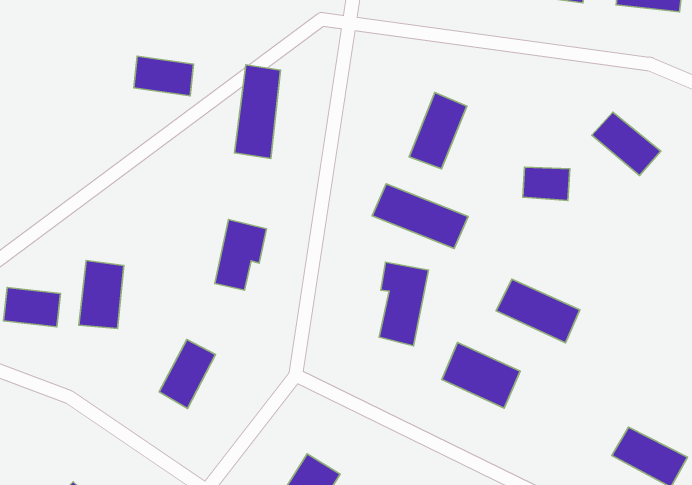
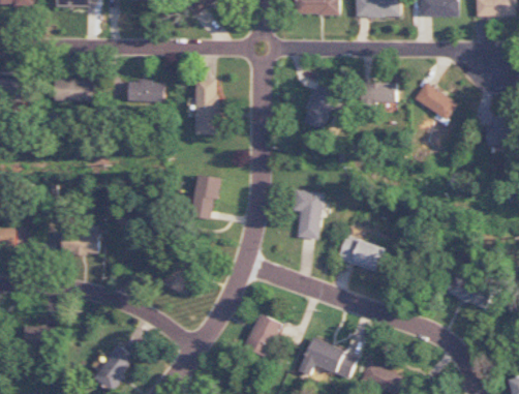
building: none -> [56,80,94,101]
building: [523,167,570,201] -> [367,82,396,102]
building: [372,184,468,248] -> none
building: [79,260,124,329] -> none
building: [496,279,580,343] -> none

